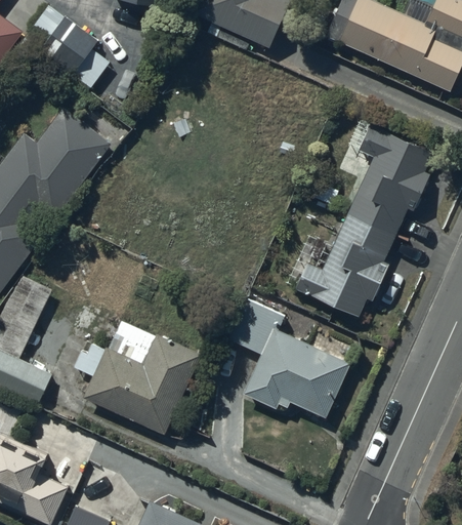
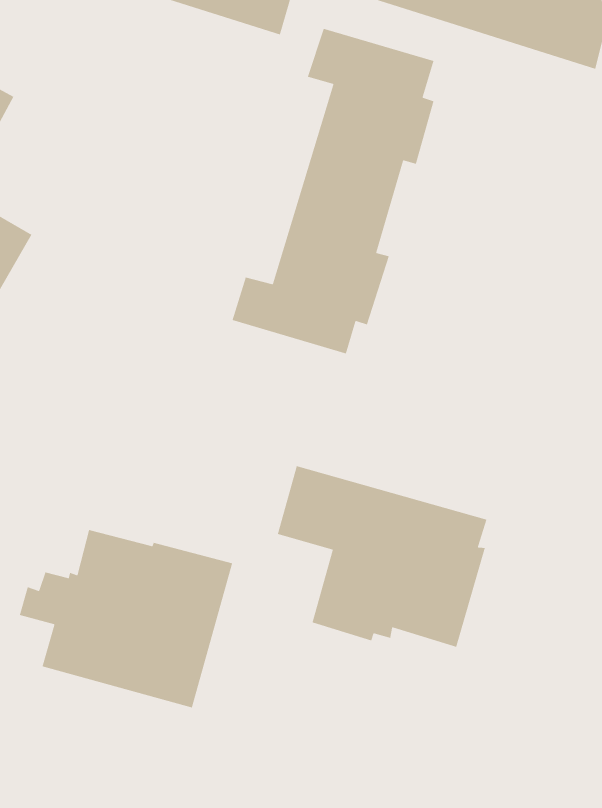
building: [295,124,433,317] -> [231,28,435,355]

